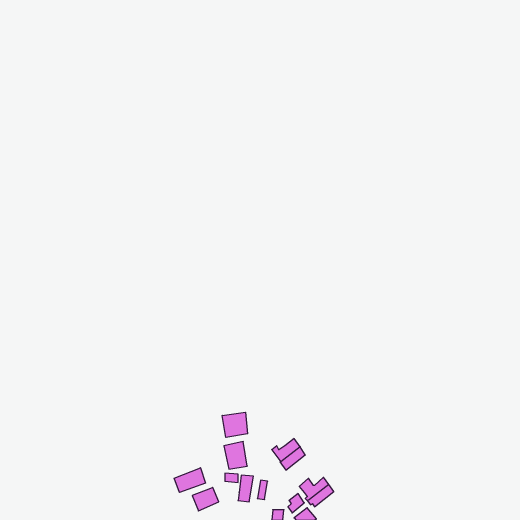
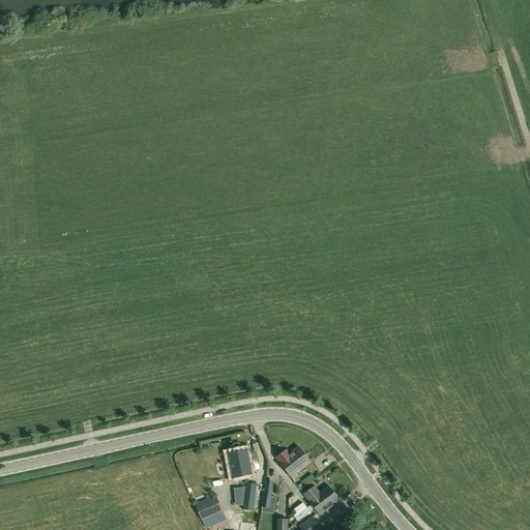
building: [222,412,248,437] -> none
building: [174,468,206,492] -> none

